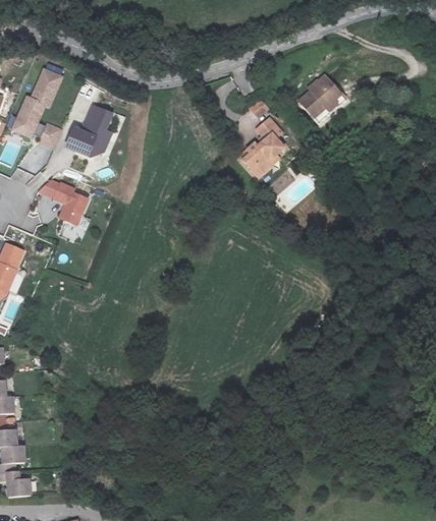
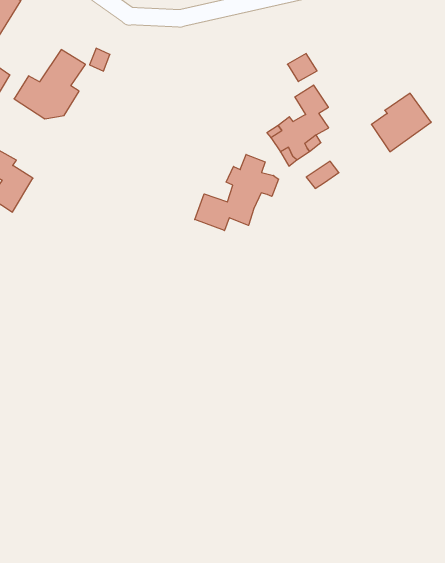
building: [303,71,344,114] -> [371,93,431,152]
building: none -> [195,154,279,231]

